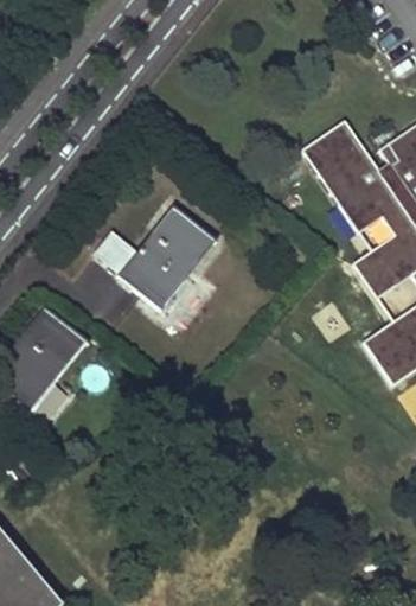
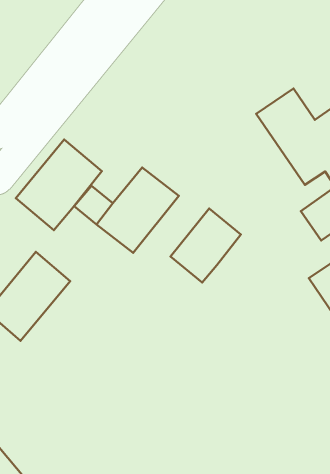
building: none -> [16,139,102,230]
building: none -> [171,208,241,282]

